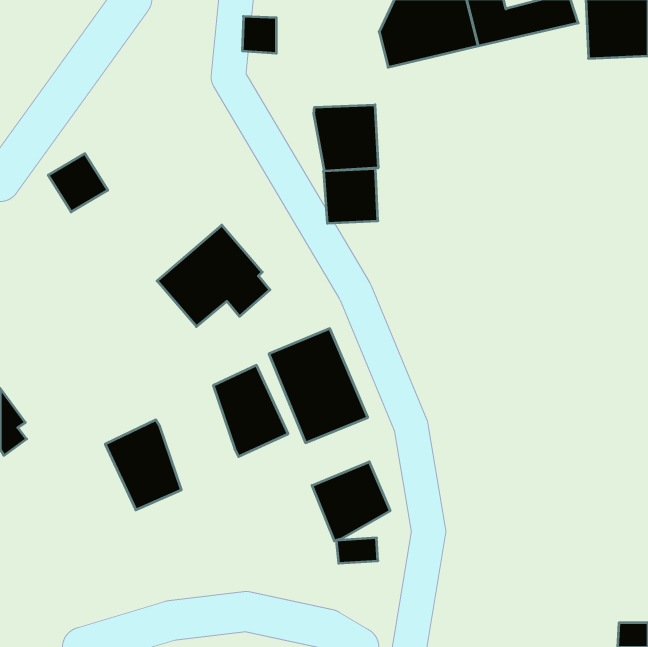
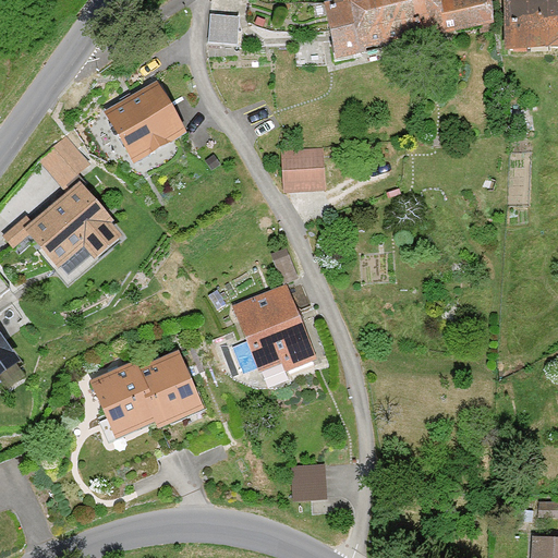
building: none -> [105,84,186,163]
building: [314,105,378,171] -> none
building: [157,225,270,327] -> [24,179,121,266]
building: [213,365,288,457] -> [137,349,202,427]
building: [312,462,390,541] -> none

